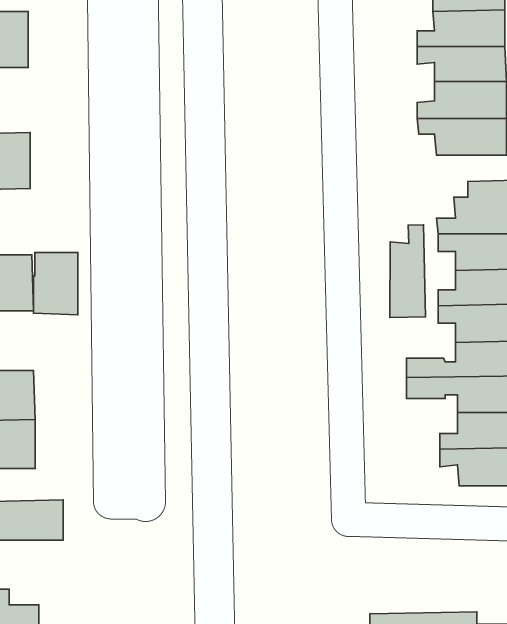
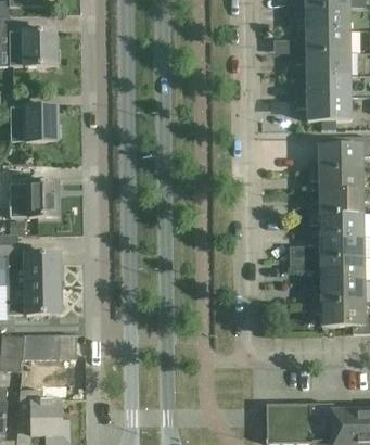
building: [390,225,425,317] -> none
building: [34,252,78,315] -> none

